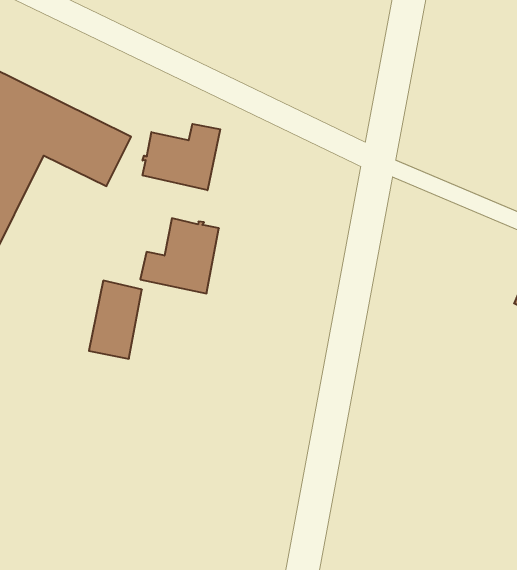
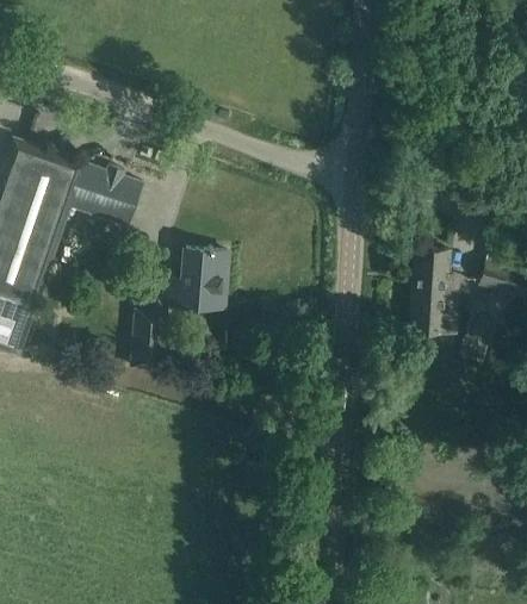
building: [143,124,220,190] -> none
building: none -> [409,248,460,331]

